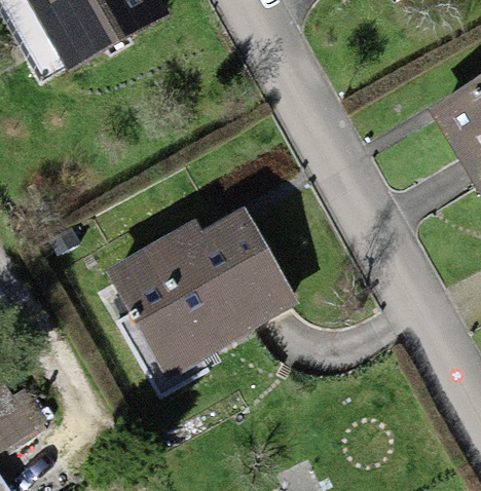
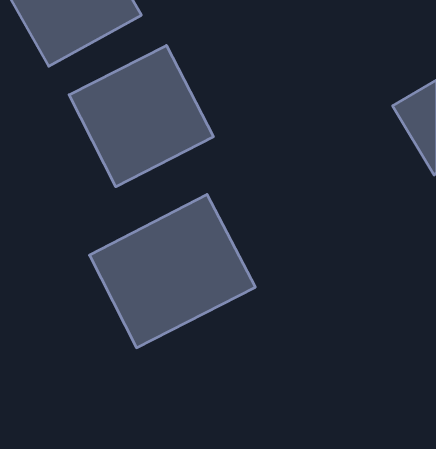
building: none -> [69,45,213,187]

